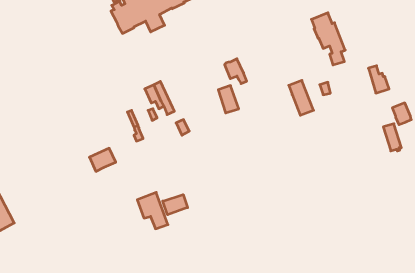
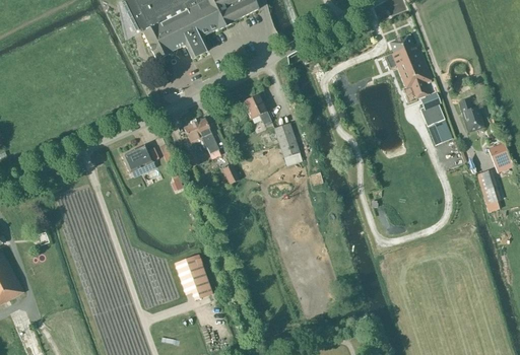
building: [225,59,247,84] -> [244,94,271,125]
building: [289,80,314,115] -> [420,102,451,145]
building: [89,148,116,171] -> [121,145,153,173]
building: [163,195,188,215] -> none

